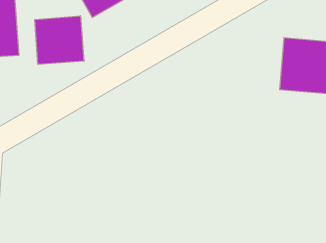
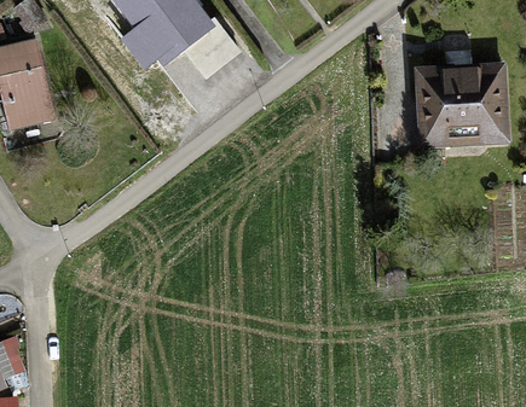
building: [35,16,84,64] -> none

